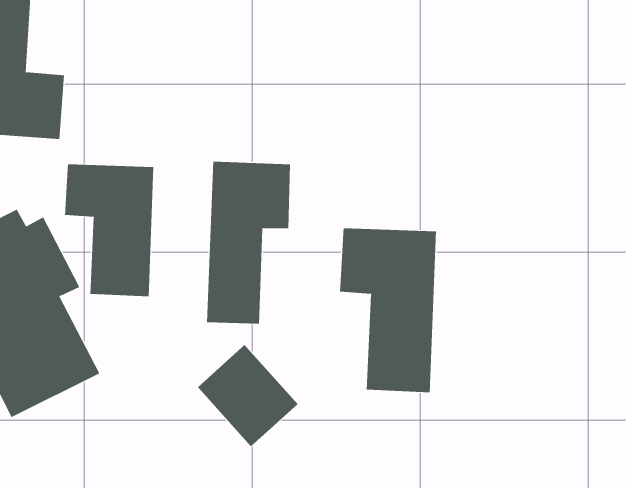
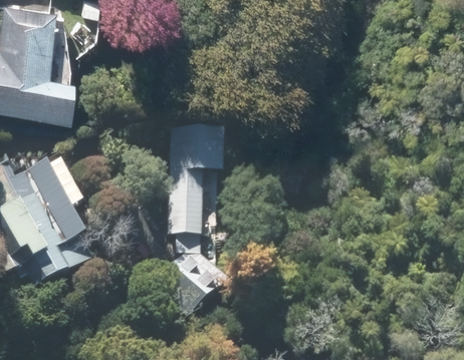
building: [65,163,154,297] -> none
building: [339,227,437,393] -> none

